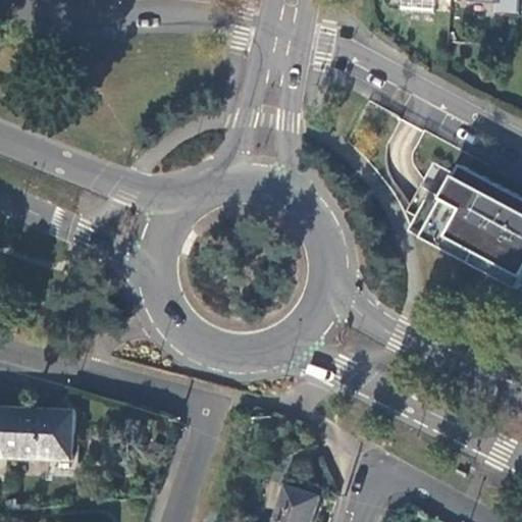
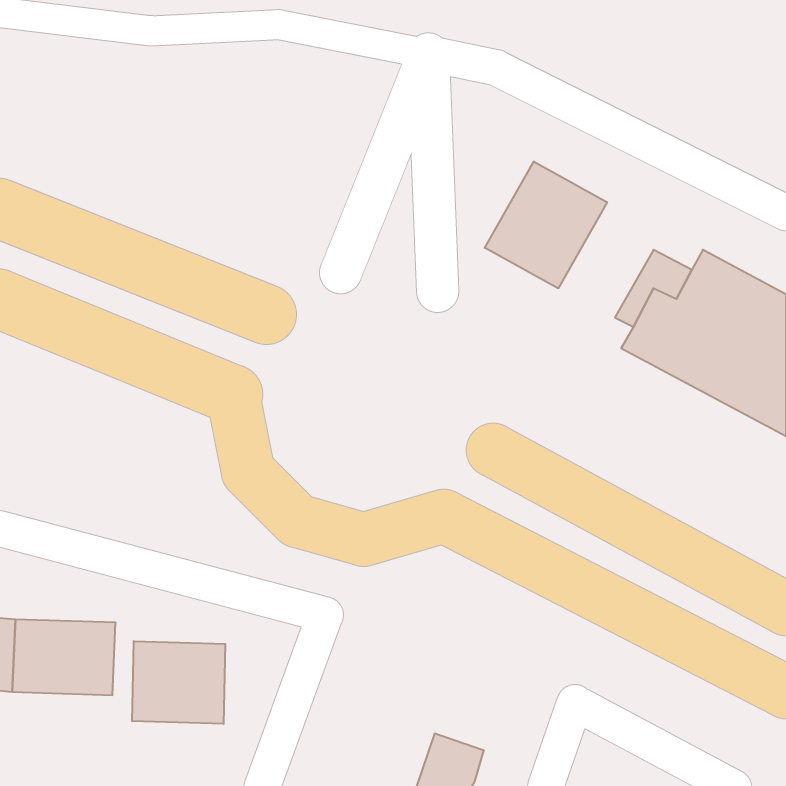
building: none -> [485,161,607,288]
building: none -> [132,641,225,724]

